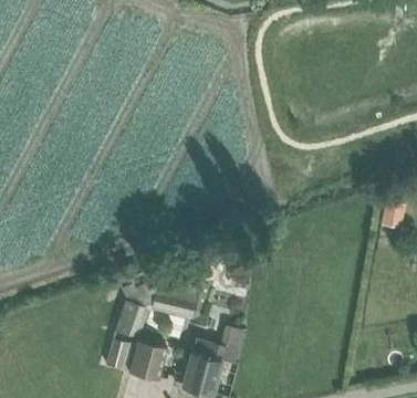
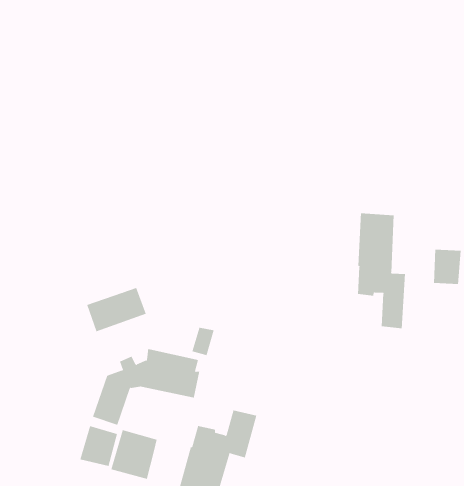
building: none -> [357,212,405,329]
building: none -> [86,287,147,332]

